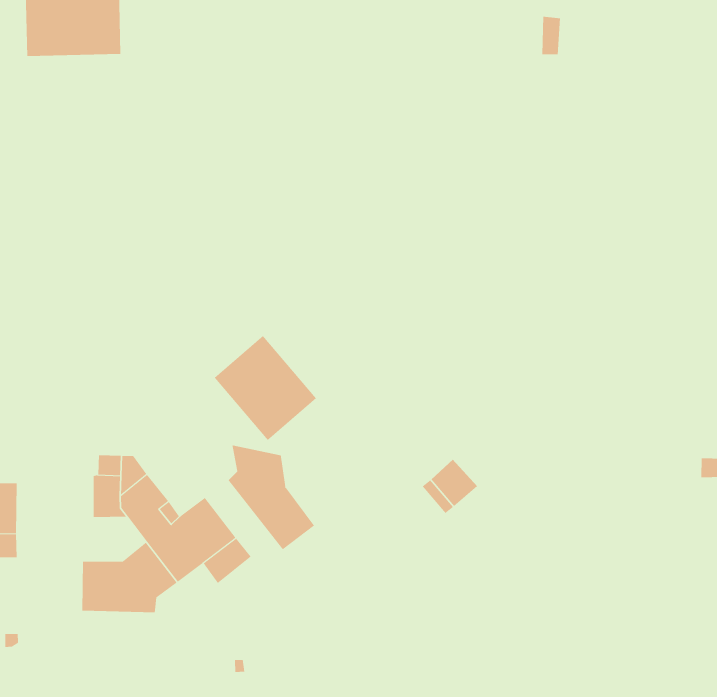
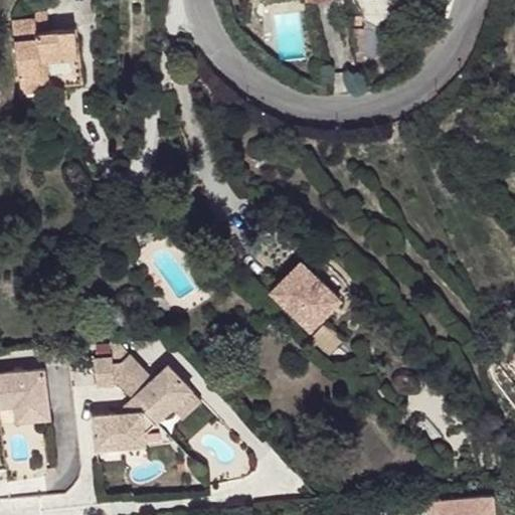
building: [214,335,317,441] -> [271,262,339,330]
building: [228,445,315,550] -> none

